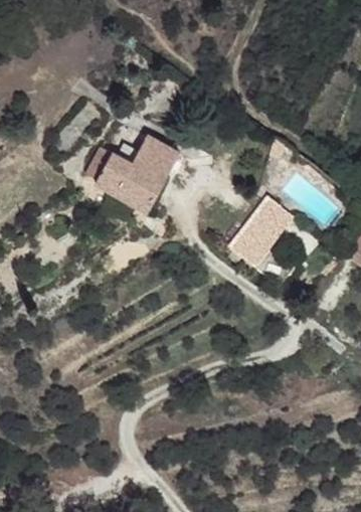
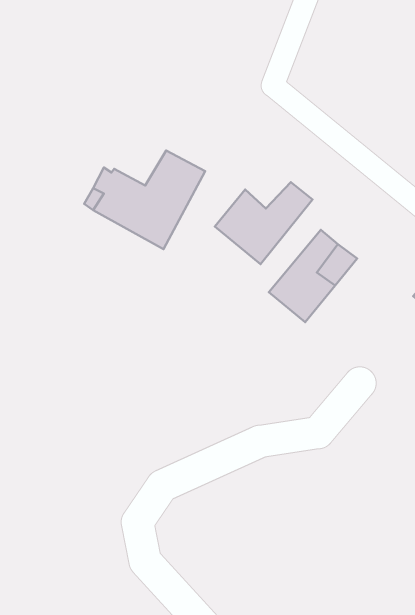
building: none -> [215,182,312,264]

